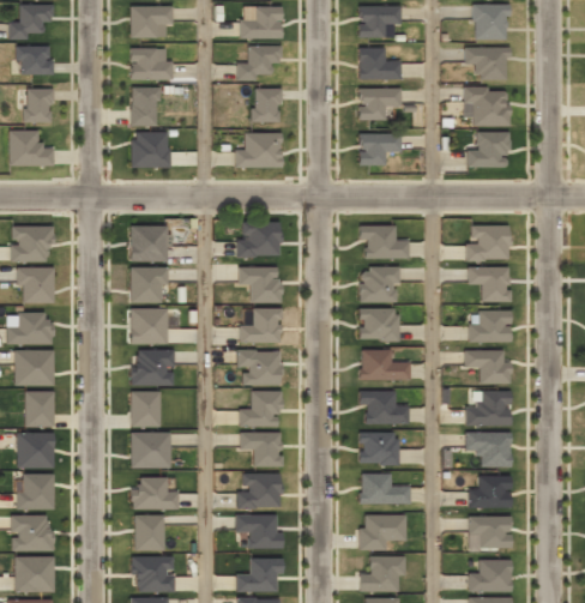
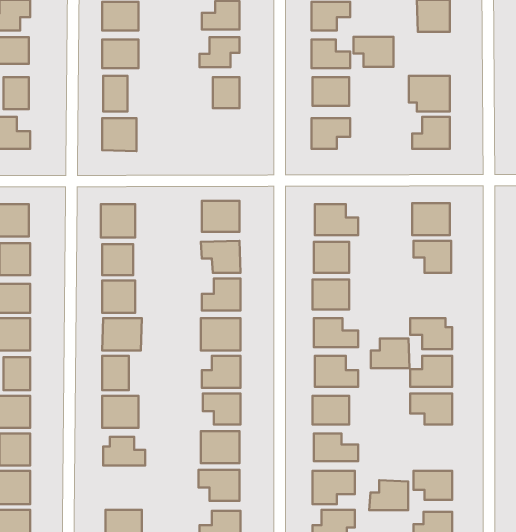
building: [465,47,508,79] -> [354,37,393,67]
building: [235,133,281,169] -> none
building: [469,309,511,342] -> [371,338,410,368]
building: [469,475,511,507] -> [369,480,408,510]
building: [135,515,165,551] -> none

